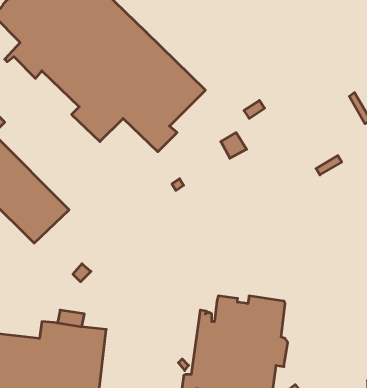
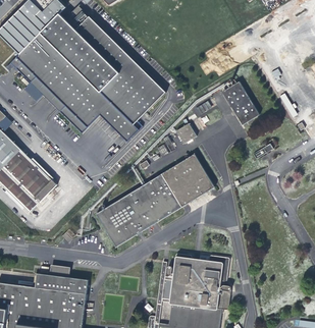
building: none -> [225,81,263,125]
building: none -> [95,155,214,245]

